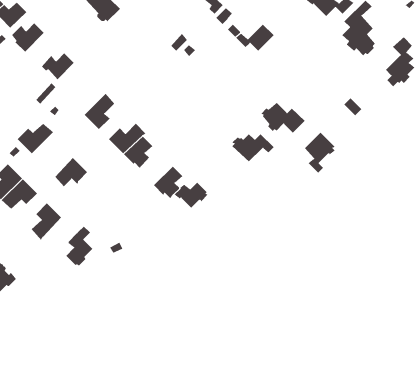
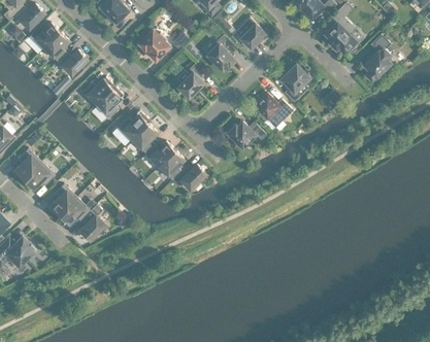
building: none -> [139,30,169,60]
building: none -> [42,32,68,62]
building: none -> [207,41,234,69]
building: none -> [178,64,203,97]
building: [17,123,54,154] -> [81,77,114,105]
building: [304,132,335,174] -> [282,64,309,101]
building: none -> [143,141,174,168]
building: [54,157,88,187] -> [59,197,89,224]

